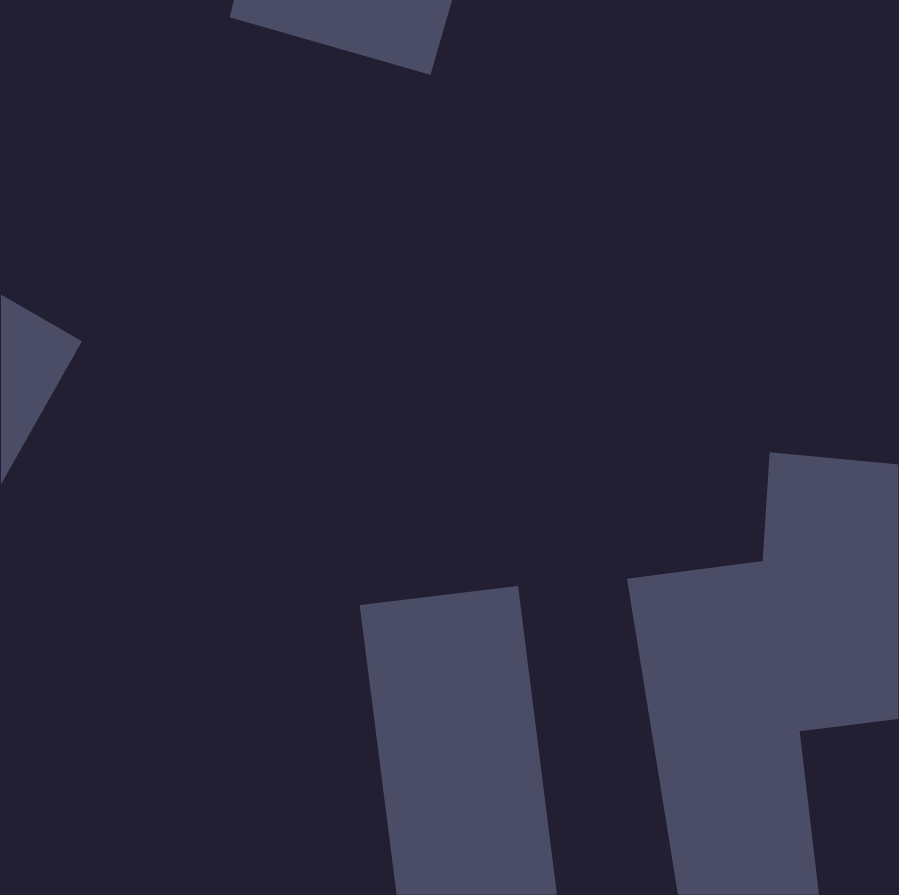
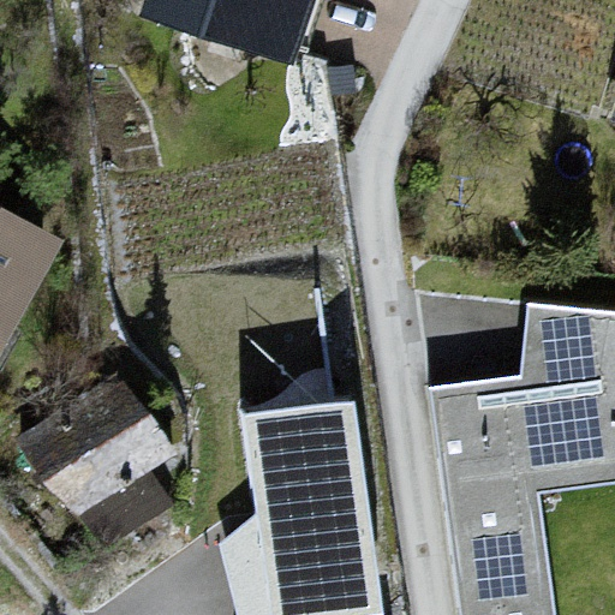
building: none -> [24,380,177,537]

